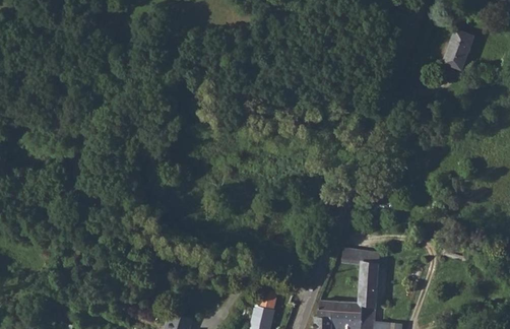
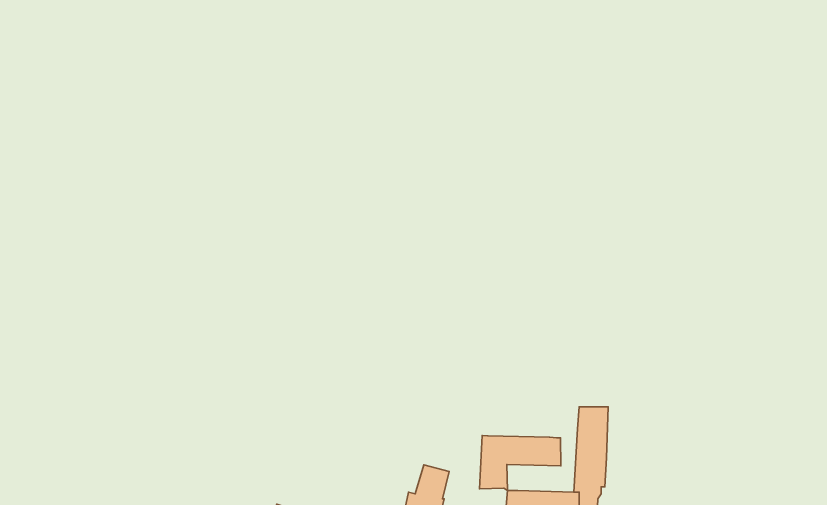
building: [440,29,470,69] -> none
building: none -> [479,435,561,490]

